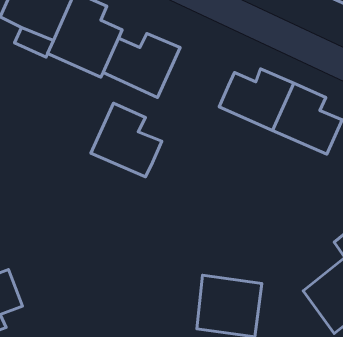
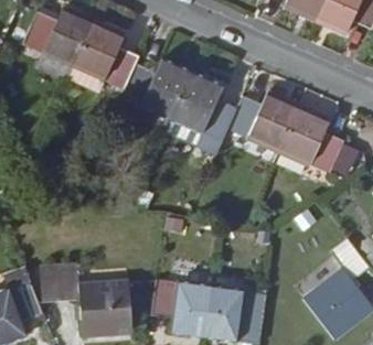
building: [91,103,162,177] -> [171,73,237,141]
building: none -> [45,268,134,333]
building: none -> [153,278,213,334]

